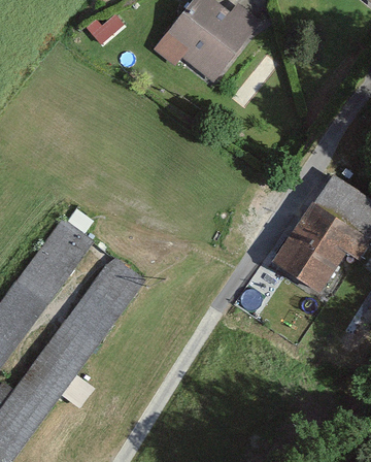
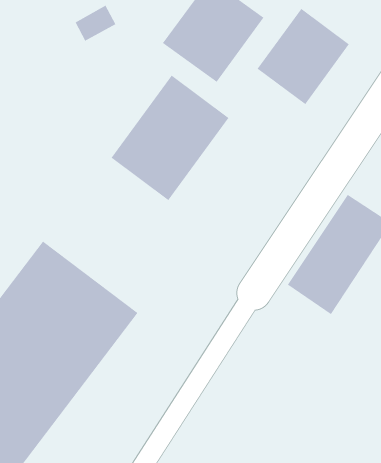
building: none -> [257,8,350,105]
building: none -> [110,75,230,201]

